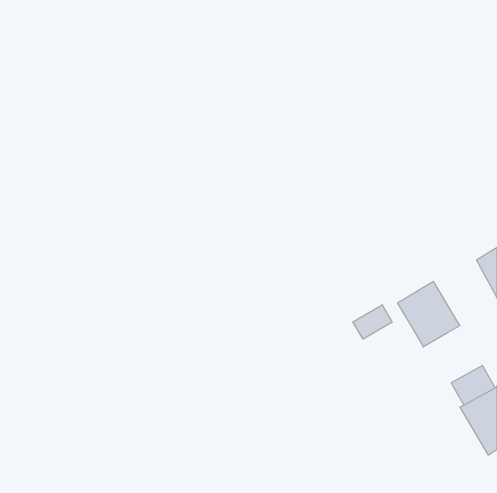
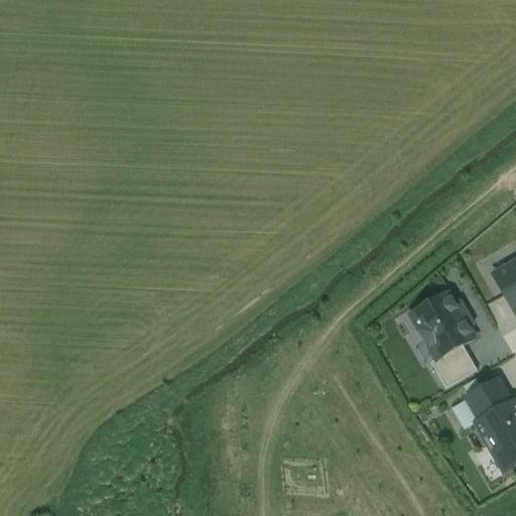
building: [353,305,392,339] -> none
building: none -> [431,344,478,387]

